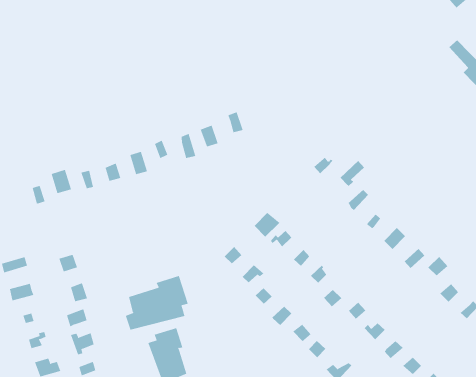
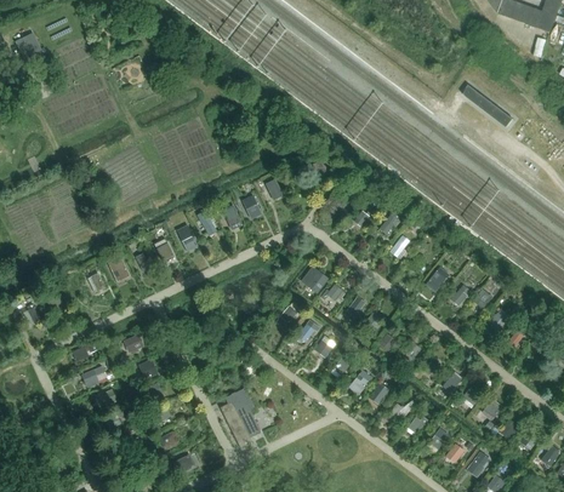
building: [125,275,188,331] -> none

